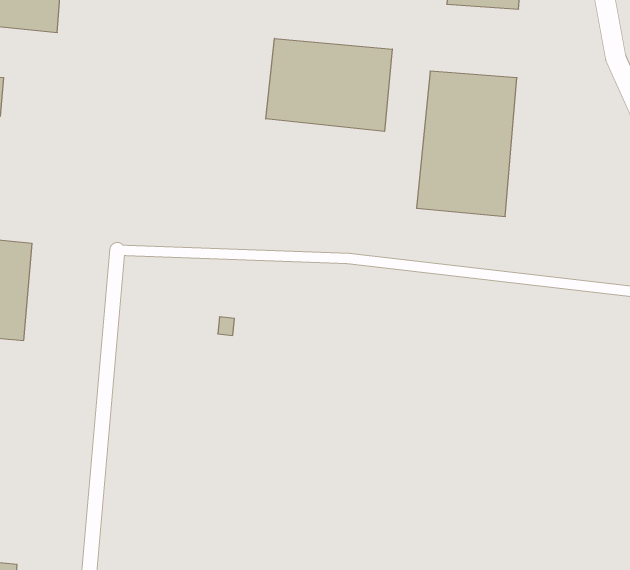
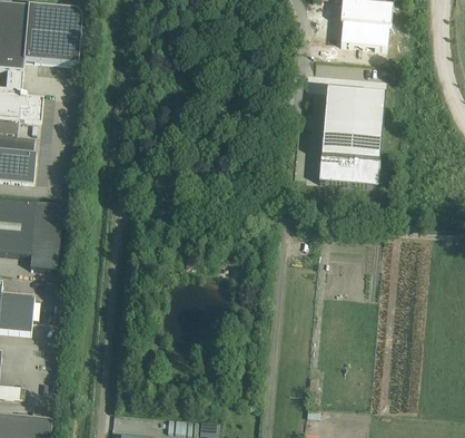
building: [266,38,392,131] -> none

